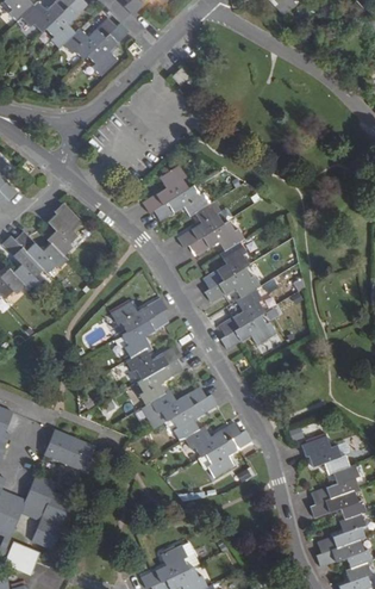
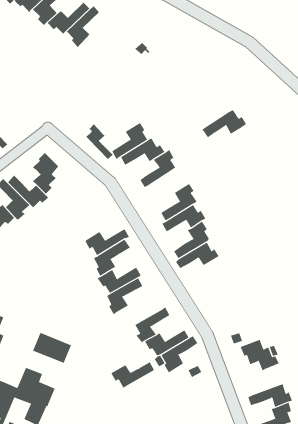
building: none -> [85,123,113,160]
building: [188,221,244,256] -> [202,109,247,138]
building: [150,388,205,421] -> [111,362,155,389]
building: [312,464,360,504] -> none

